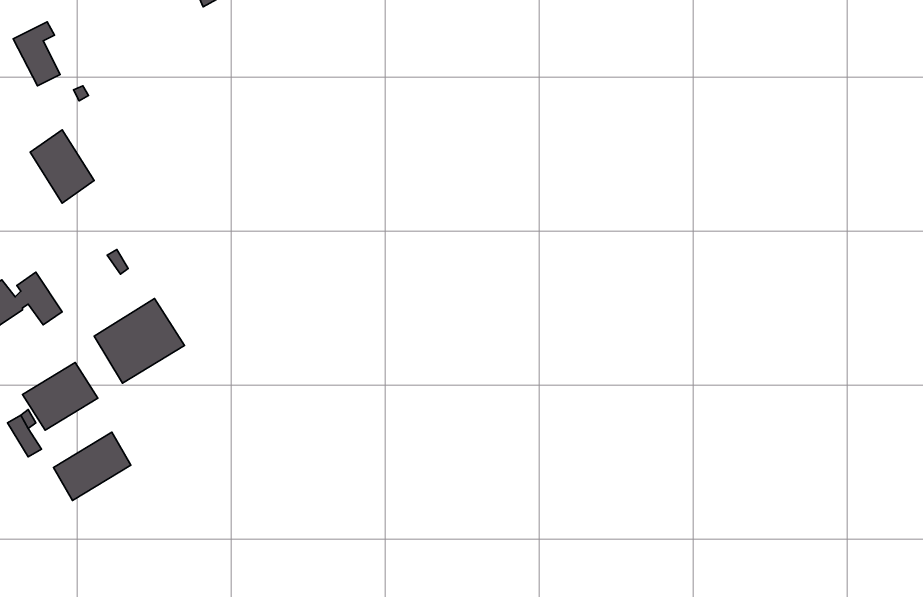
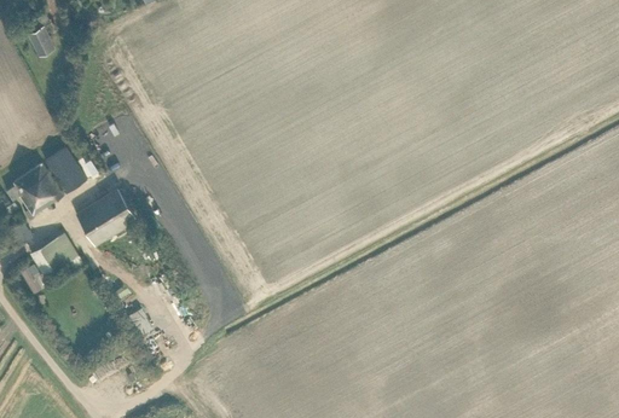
building: [30,130,94,203] -> [45,147,86,195]
building: [54,432,131,500] -> none

